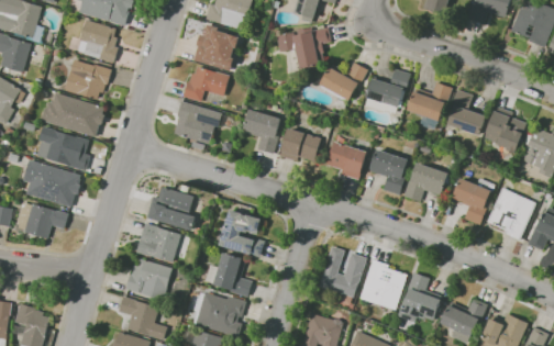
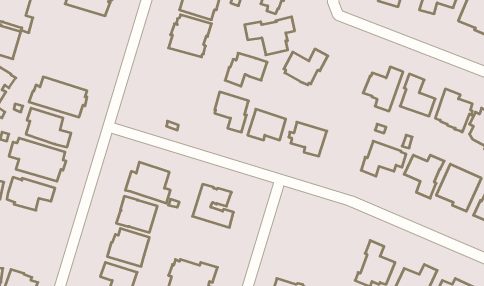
building: [77,19,118,63] -> none
building: [64,59,111,99] -> none
building: [182,66,229,102] -> [225,53,267,86]
building: [364,68,410,113] -> none
building: [173,101,221,144] -> none
building: [369,148,408,194] -> none
building: [319,246,366,298] -> none
building: [203,253,252,297] -> none
building: [359,259,406,310] -> none

